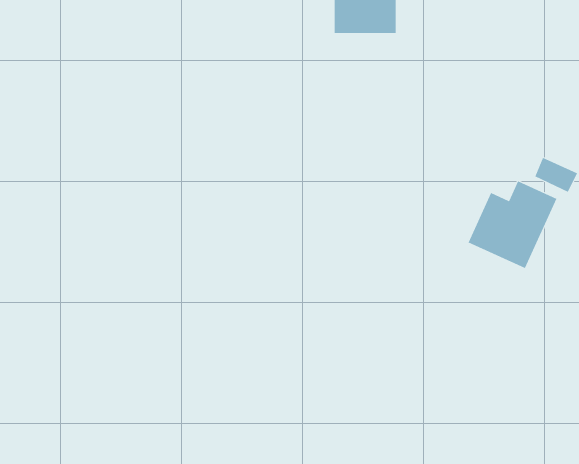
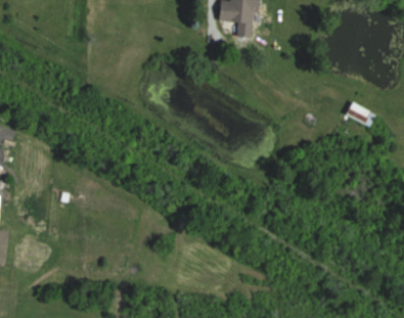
building: [468,180,557,269] -> none

